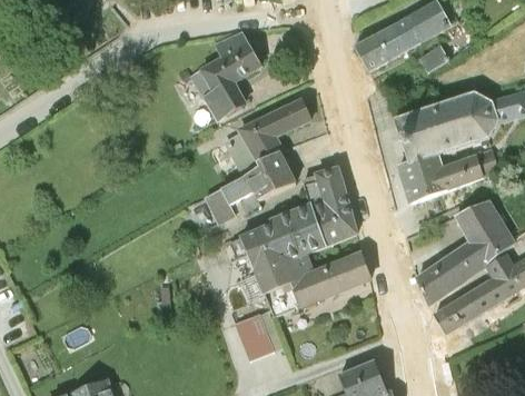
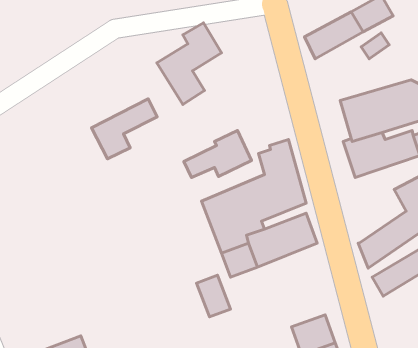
building: [237,98,310,165] -> [91,99,157,159]
building: [204,187,235,225] -> none

